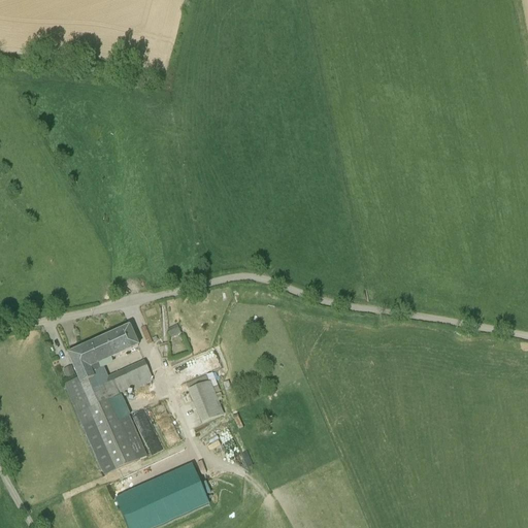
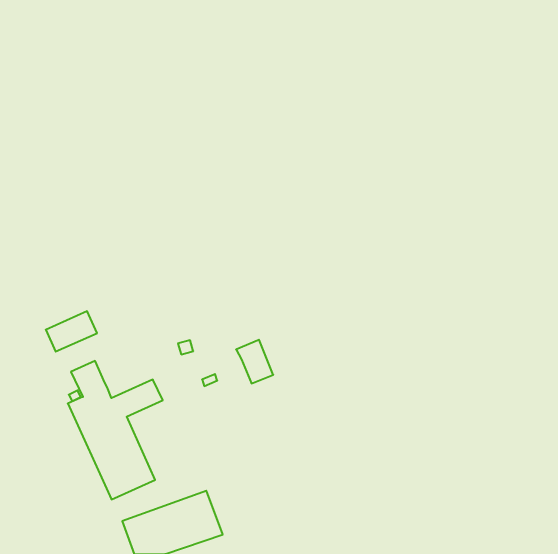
building: [90,324,138,362] -> [46,311,97,352]
building: [188,380,223,421] -> [236,340,273,383]

